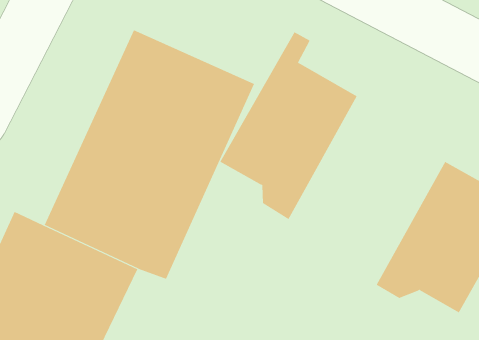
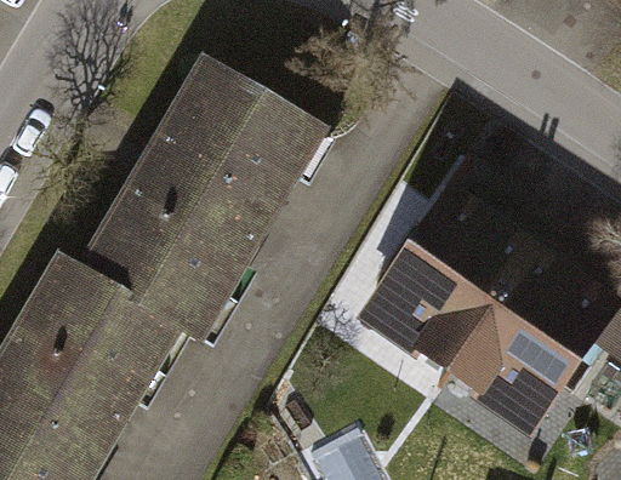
building: [220,32,358,220] -> [372,164,539,381]

